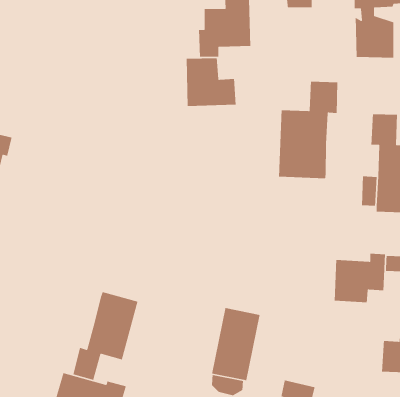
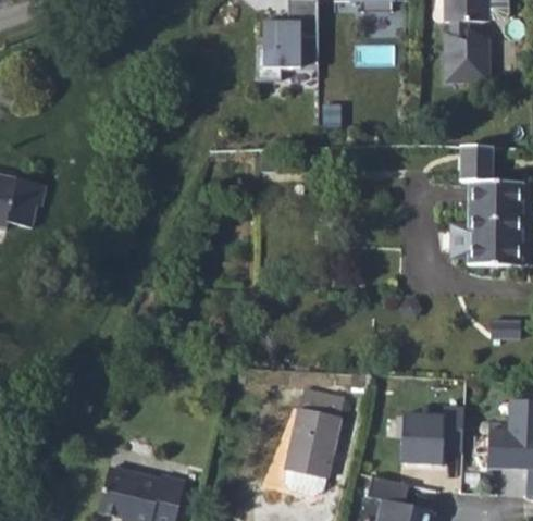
building: [186,58,236,107] -> none
building: [278,81,338,179] -> none
building: [334,253,386,303] -> [398,402,460,462]
building: [72,291,139,381] -> none

